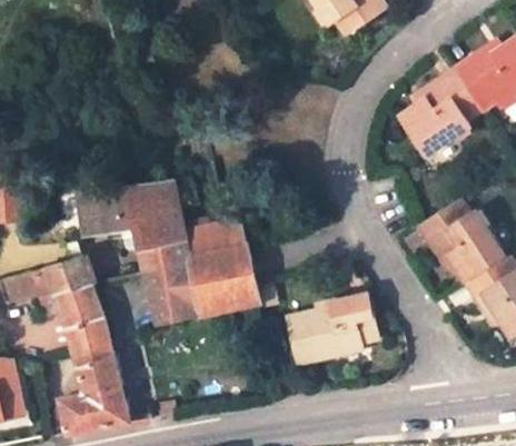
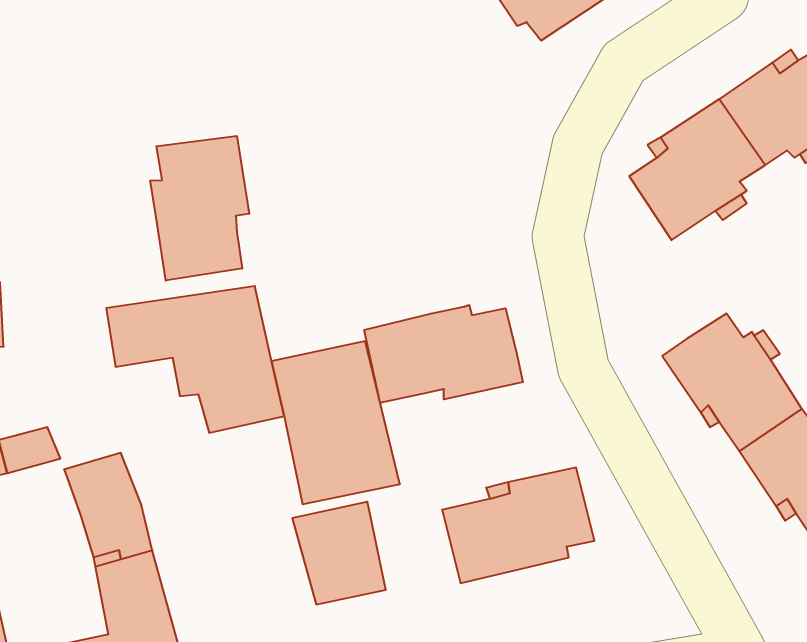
building: none -> [150,136,249,281]
building: none -> [364,305,523,403]
building: [47,258,91,295] -> none
building: [145,262,201,325] -> [292,502,386,604]

